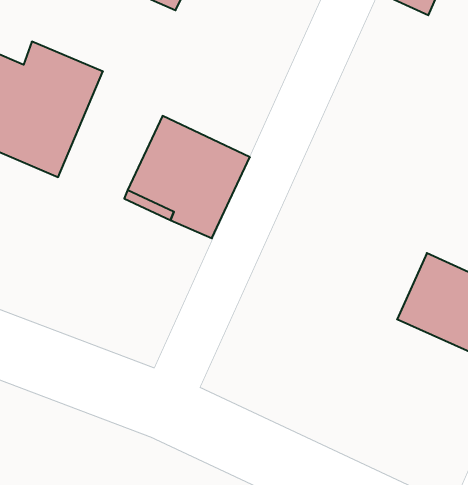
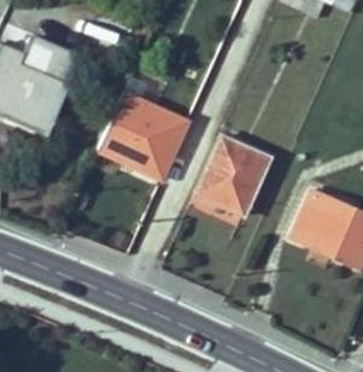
building: none -> [195,135,270,215]

